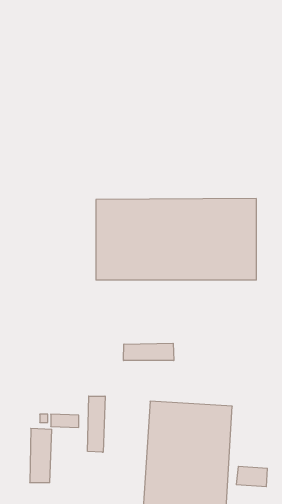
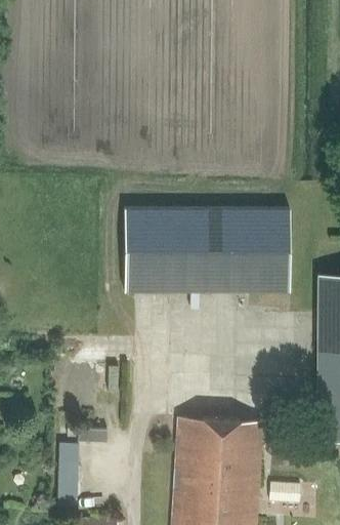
building: [124,343,174,361] -> none
building: [88,396,105,452] -> none

